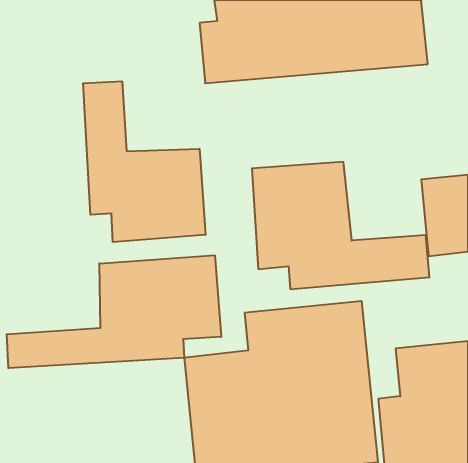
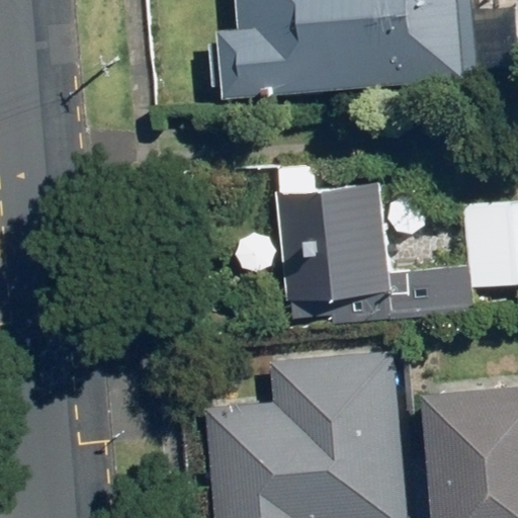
building: [83,81,205,242] -> none
building: [7,255,221,368] -> none

